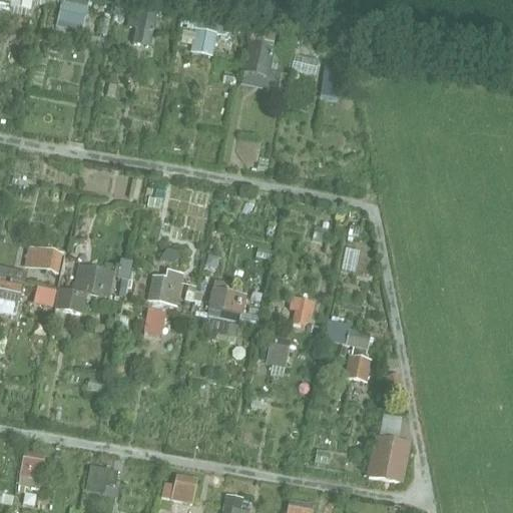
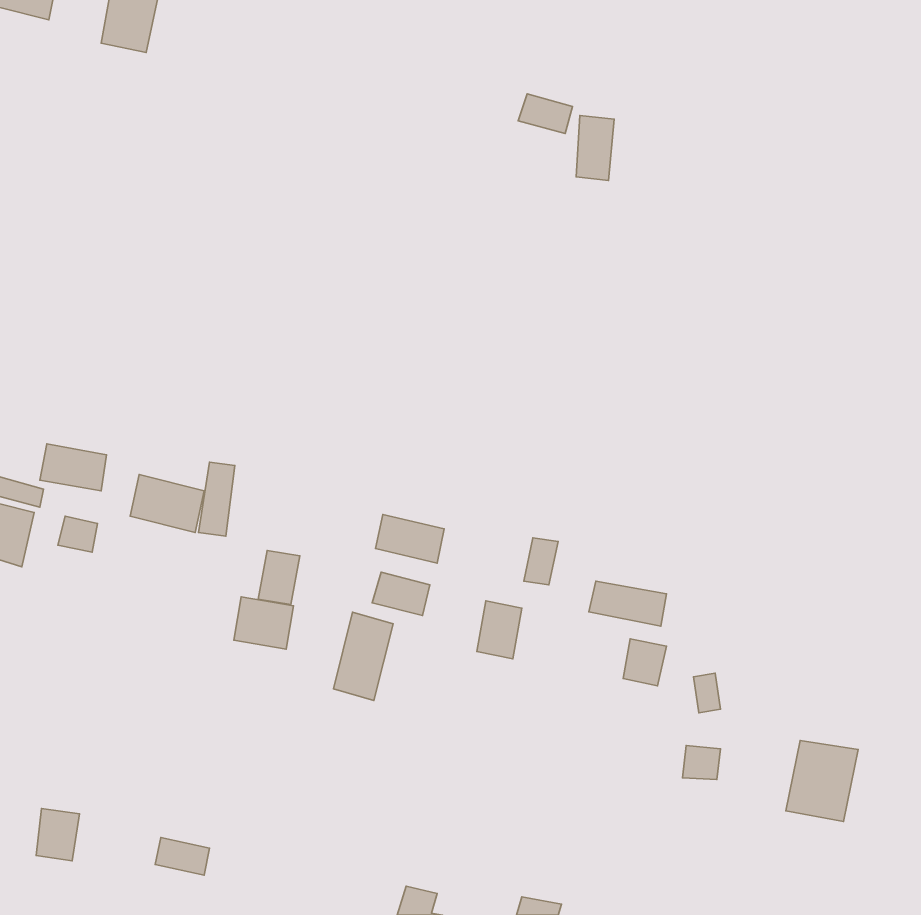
building: [132,8,155,44] -> none
building: [191,24,215,53] -> none
building: [242,40,273,74] -> none
building: [147,275,180,304] -> [234,597,294,649]
building: [55,287,86,313] -> none
building: none -> [333,612,393,700]
building: [368,437,408,482] -> [786,740,858,822]
building: [170,472,196,502] -> none

